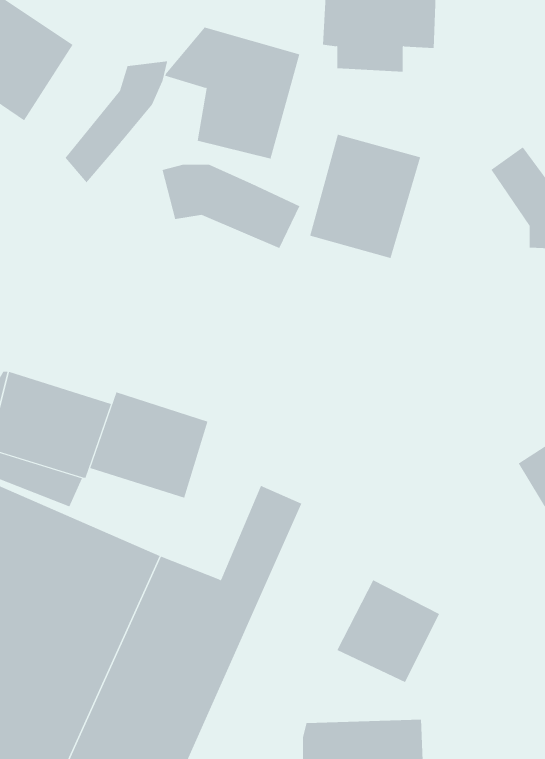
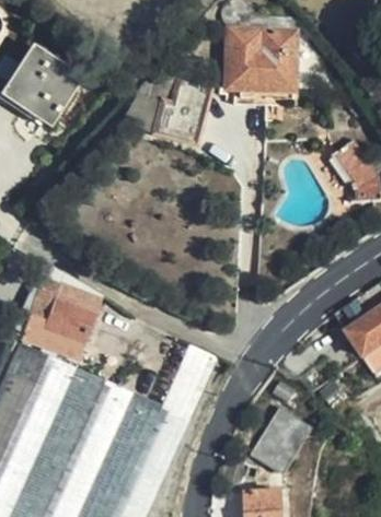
building: [65,61,168,183] -> none
building: [310,134,421,259] -> none
building: [162,164,300,249] -> none
building: [90,392,208,498] -> none

